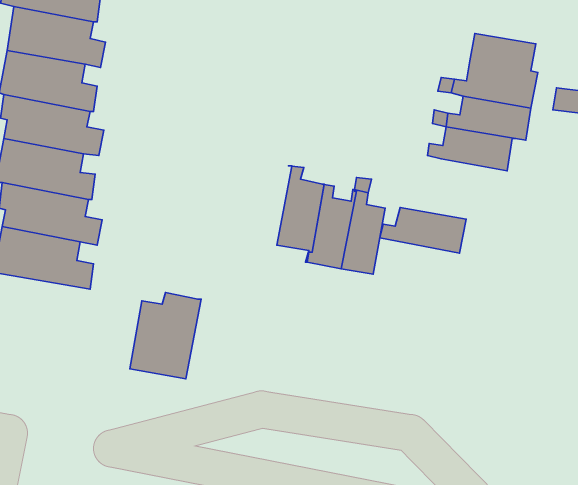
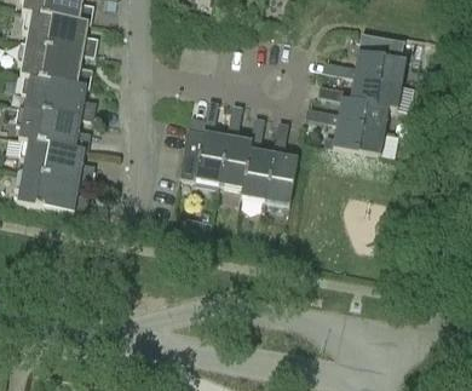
building: [380,207,466,253] -> [322,123,384,156]
building: [130,292,201,379] -> [179,123,230,185]

